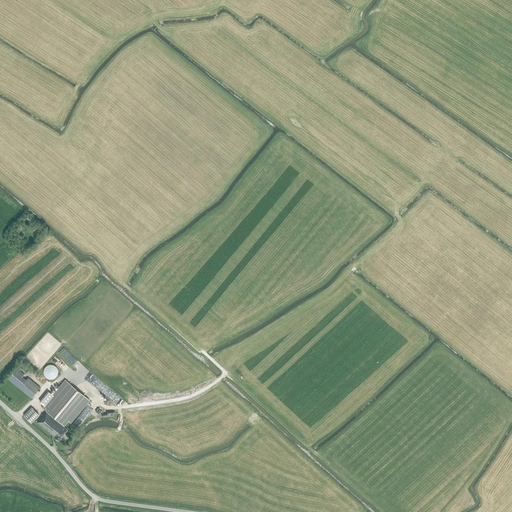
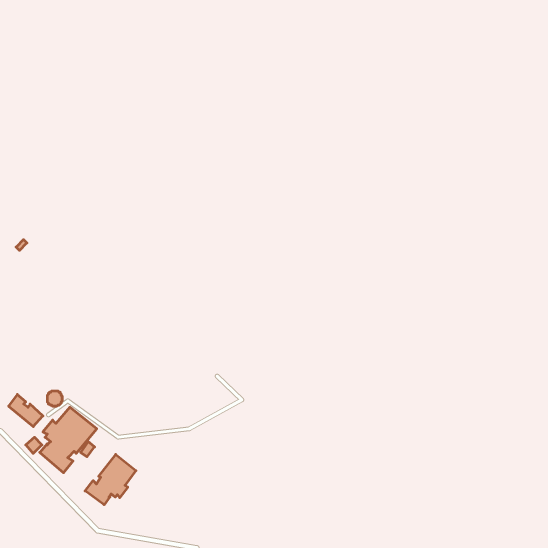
building: none -> [85,454,136,505]

